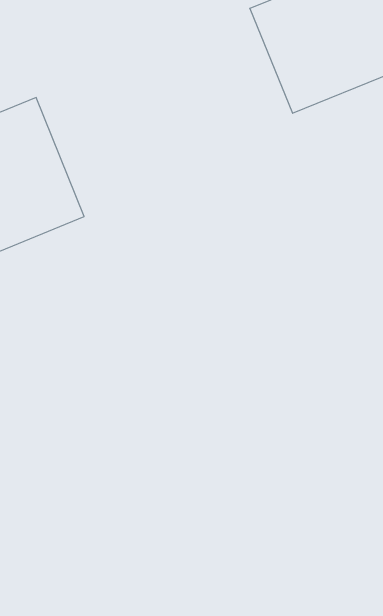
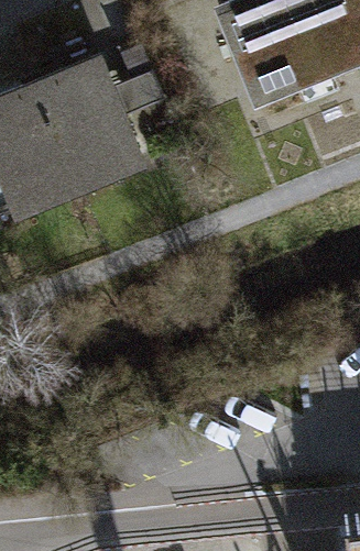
building: none -> [43,66,144,191]

